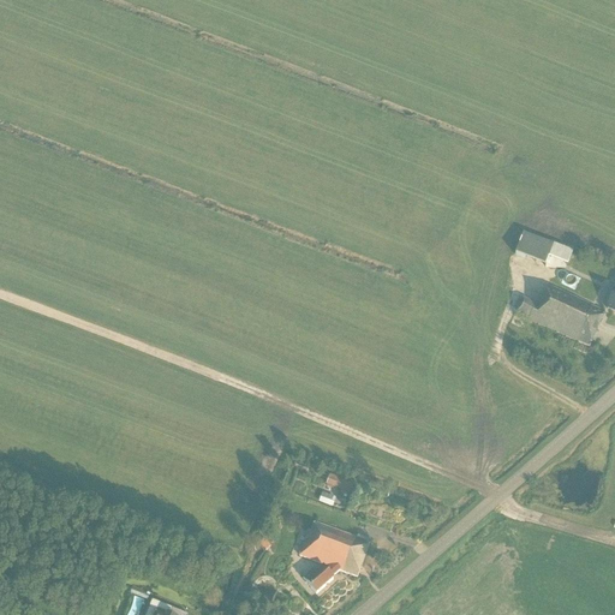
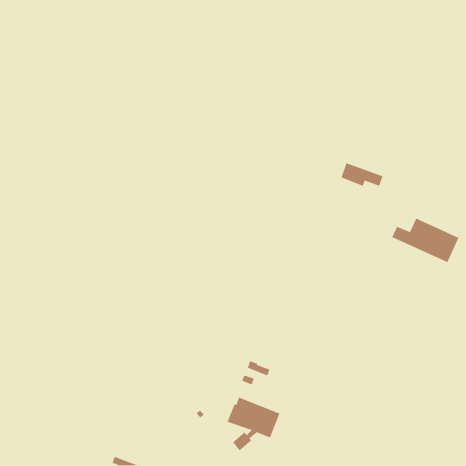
building: [514,233,571,265] -> [340,162,383,187]

